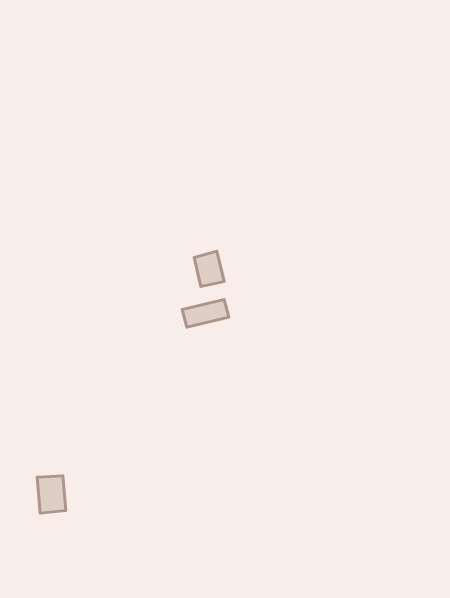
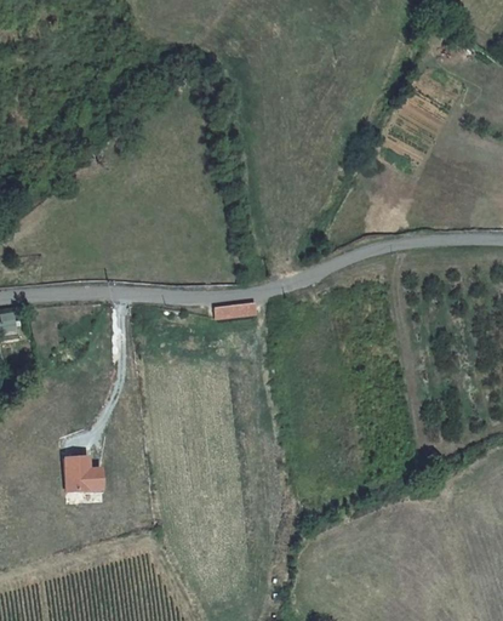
building: [194,251,224,287] -> none

